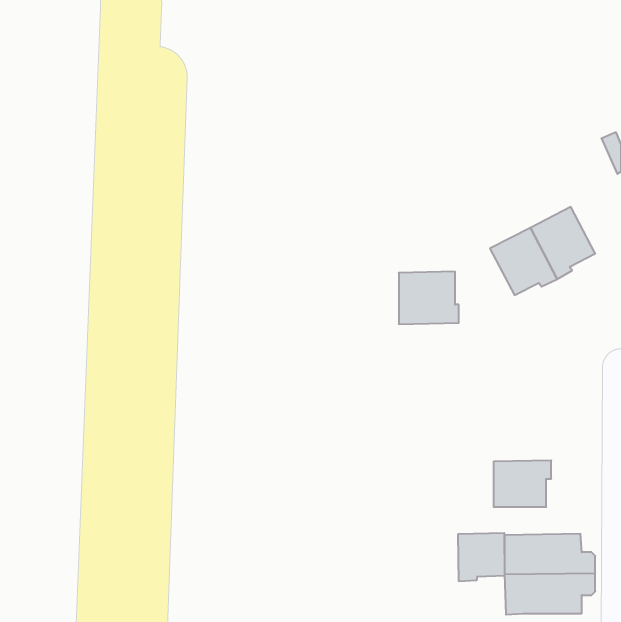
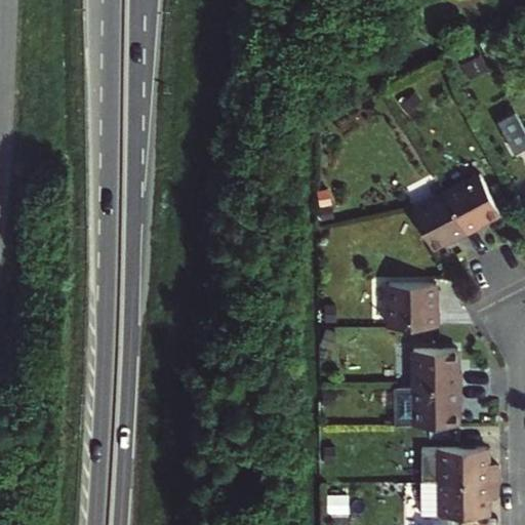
building: [399,272,459,324] -> [388,285,438,329]
building: none -> [412,352,461,390]
building: [458,533,505,581] -> none

